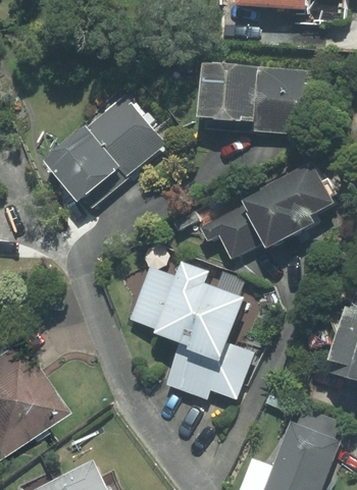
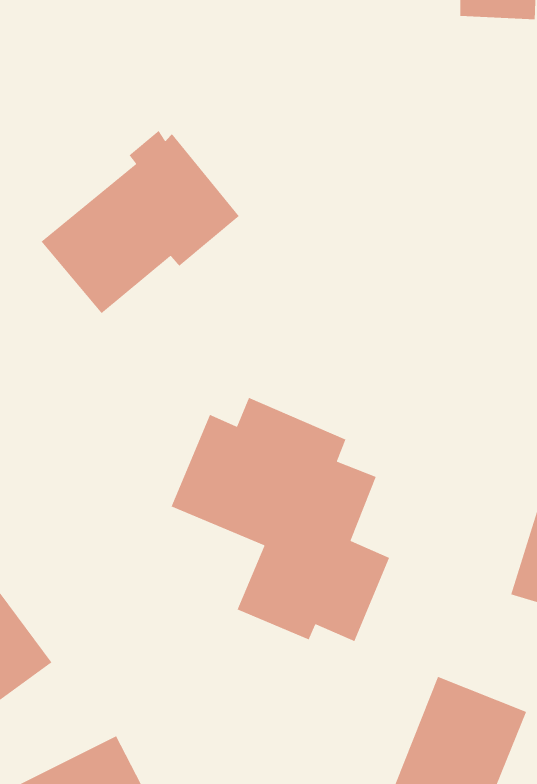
building: [201,61,308,137] -> none
building: [215,160,340,258] -> none

